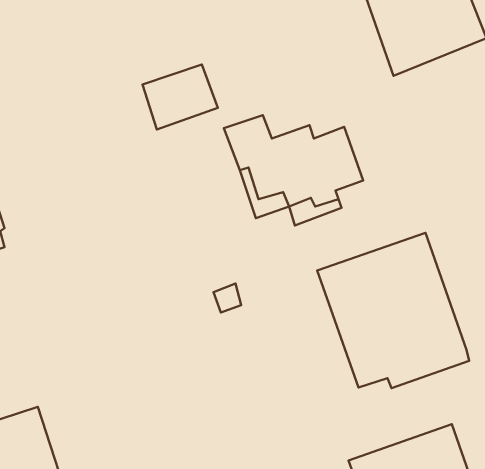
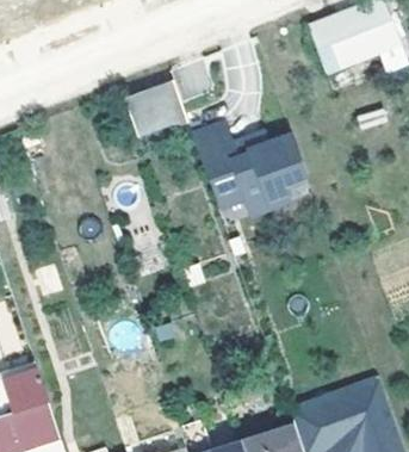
building: [317,233,469,388] -> none

